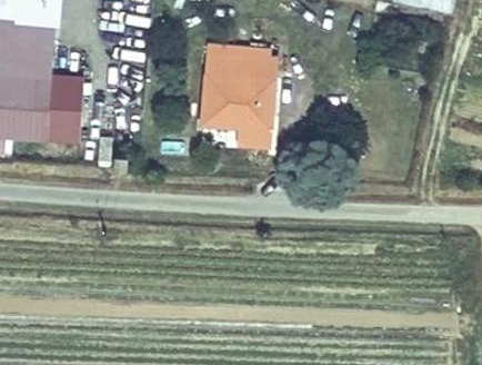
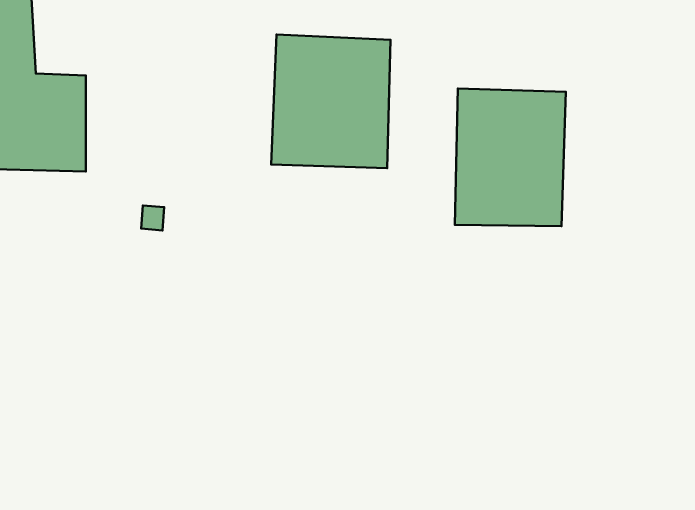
building: none -> [455,89,566,226]

